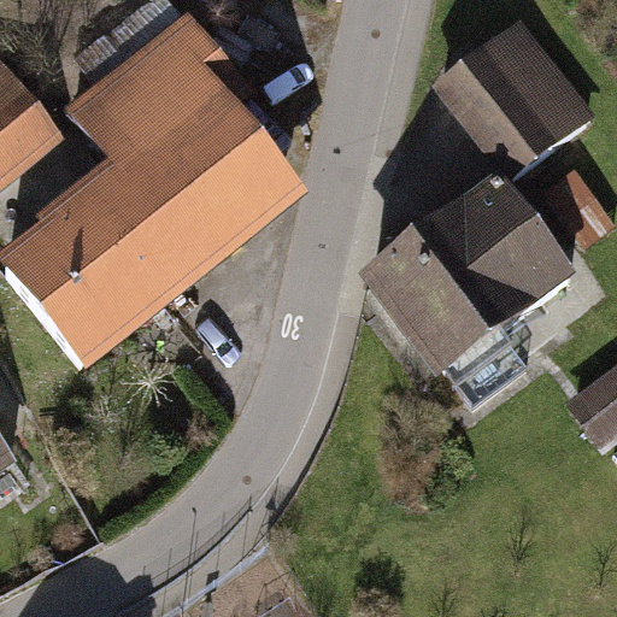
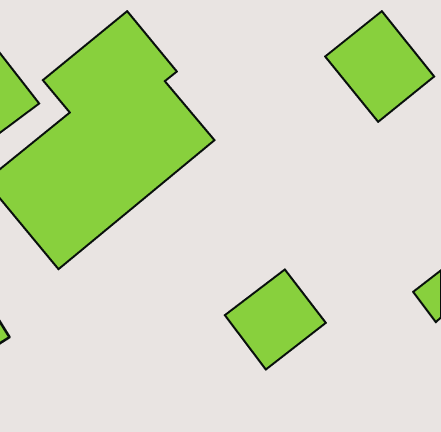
building: [374,169,590,380] -> none
building: none -> [225,270,326,369]

